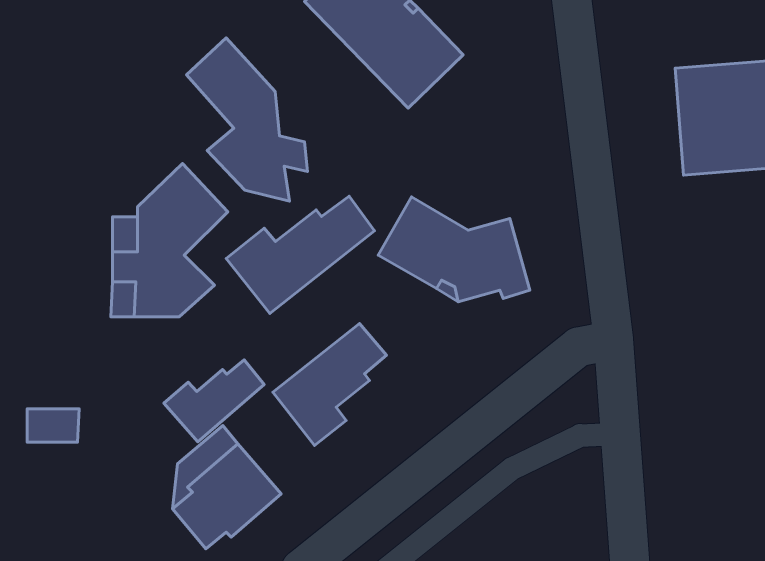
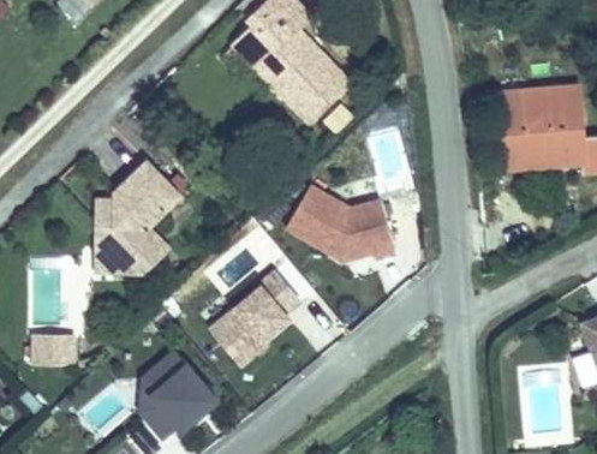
building: [187,38,307,201] -> none
building: [226,196,374,313] -> none
building: [164,360,264,442] -> none

